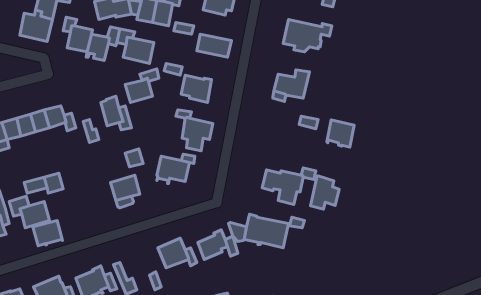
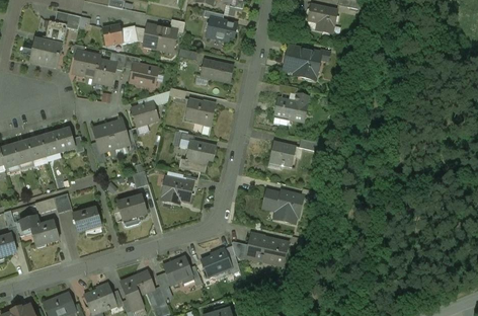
building: none -> [92,126,113,152]
building: [327,120,354,147] -> [268,141,295,167]
building: [310,176,339,209] -> none
building: [33,220,62,246] -> [72,208,100,232]
building: none -> [126,271,153,297]

